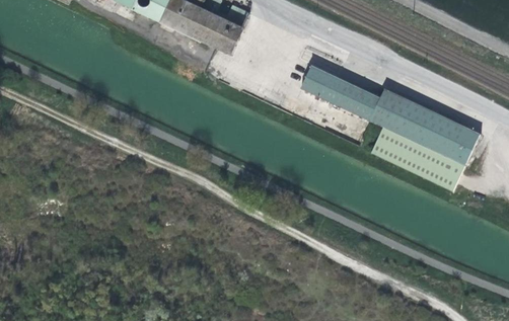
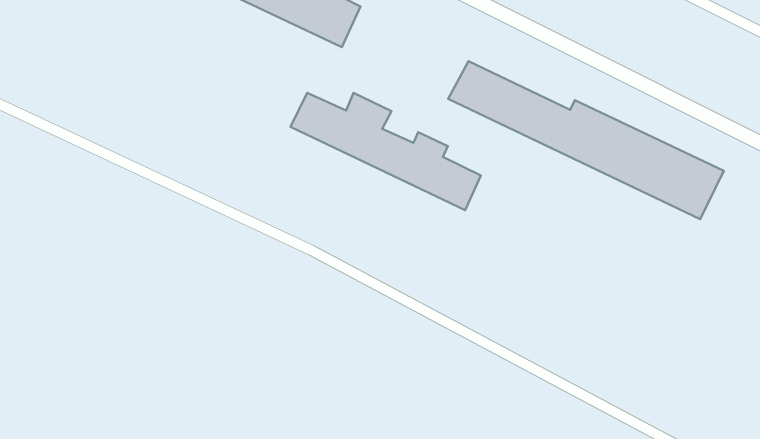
building: none -> [291,93,481,210]

